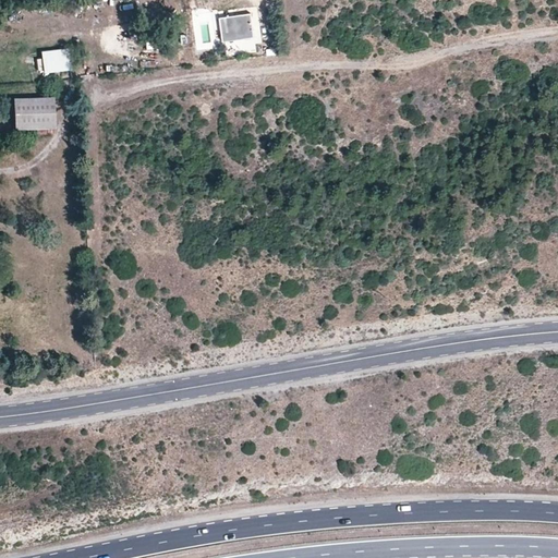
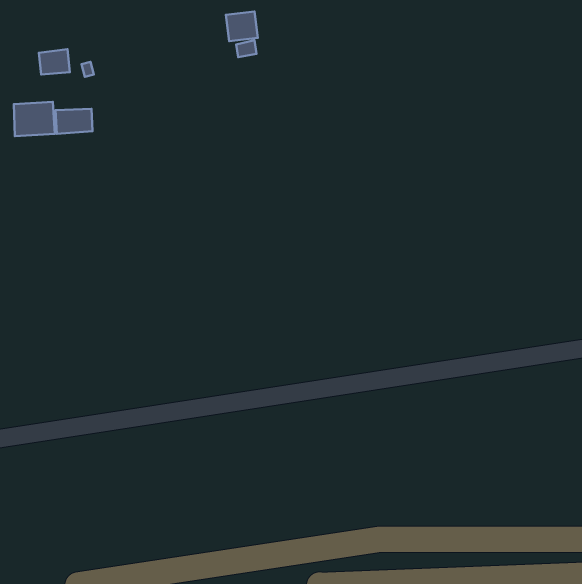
building: none -> [56,109,93,134]

